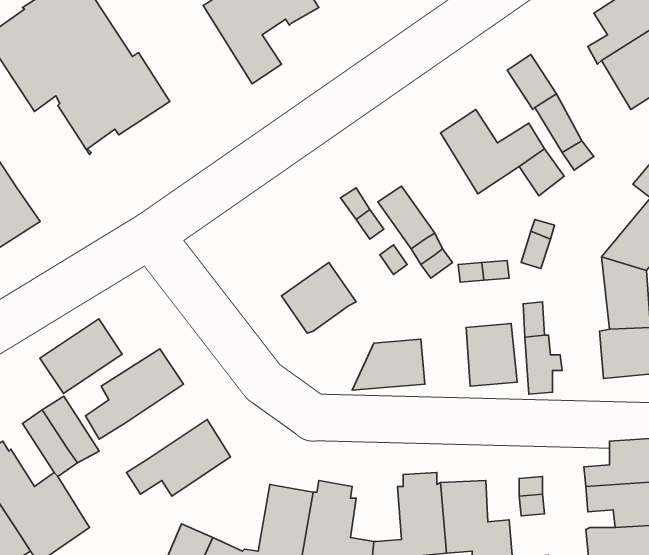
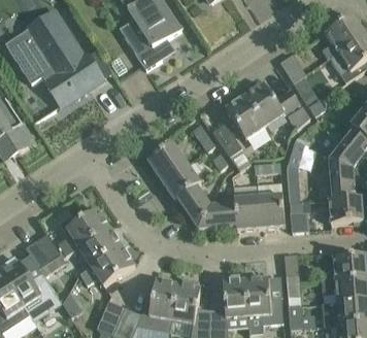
building: none -> [225,95,264,139]
building: none -> [147,143,186,180]
building: none -> [177,185,209,230]
building: [40,319,122,393] -> [78,227,122,266]
building: none -> [233,197,260,230]

